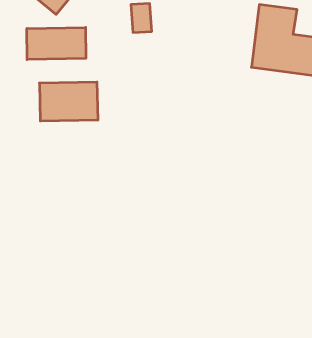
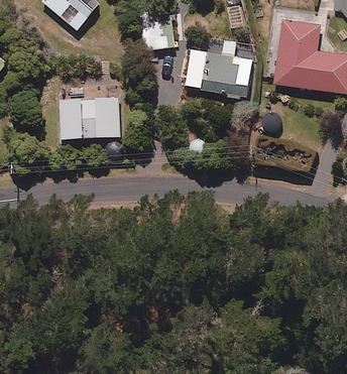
building: none -> [185,39,251,96]
building: [27,27,86,60] -> none

